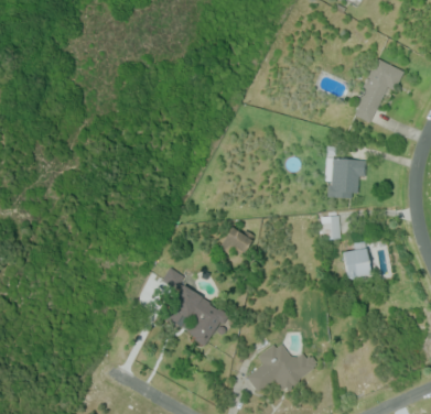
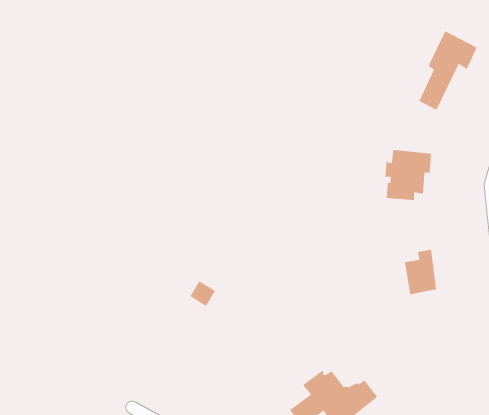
building: [320,214,341,239] -> none
building: [219,222,254,254] -> none
building: [161,282,230,348] -> none

